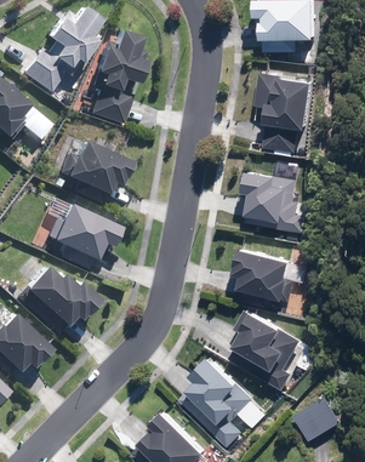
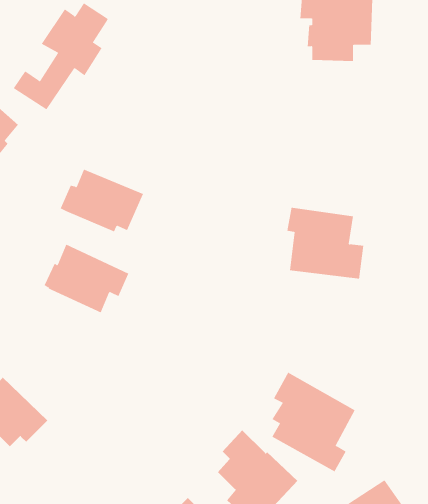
building: [92,28,144,122] -> none
building: [260,73,315,150] -> none
building: [234,246,298,300] -> none
building: [24,266,93,323] -> none

